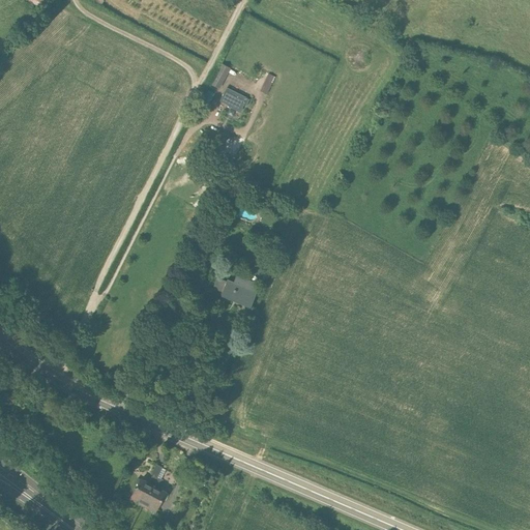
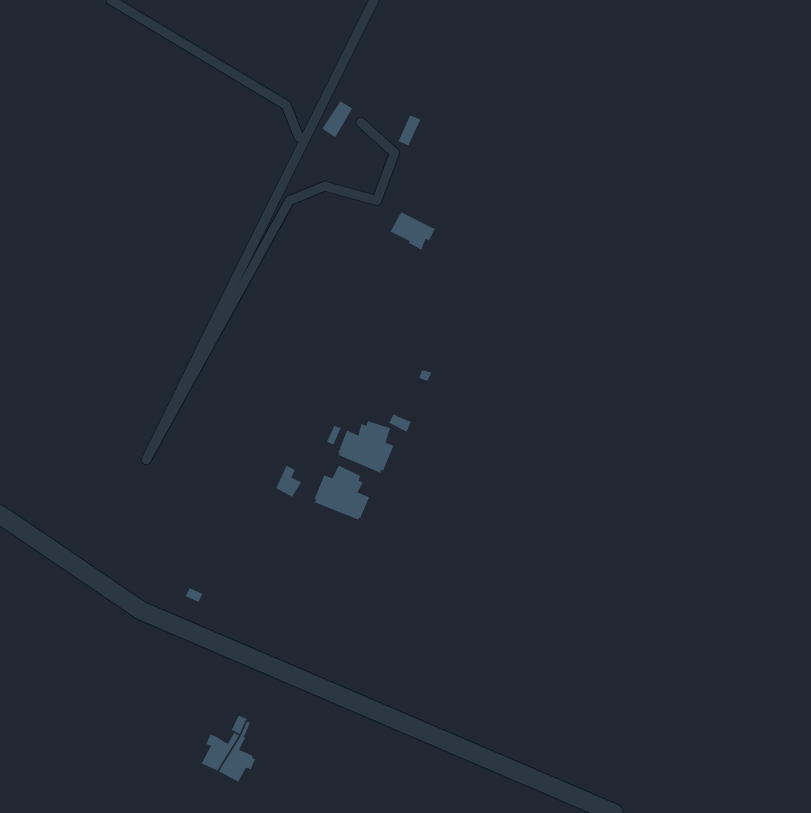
building: [218,88,248,114] -> [390,211,436,251]
building: none -> [313,465,370,521]

